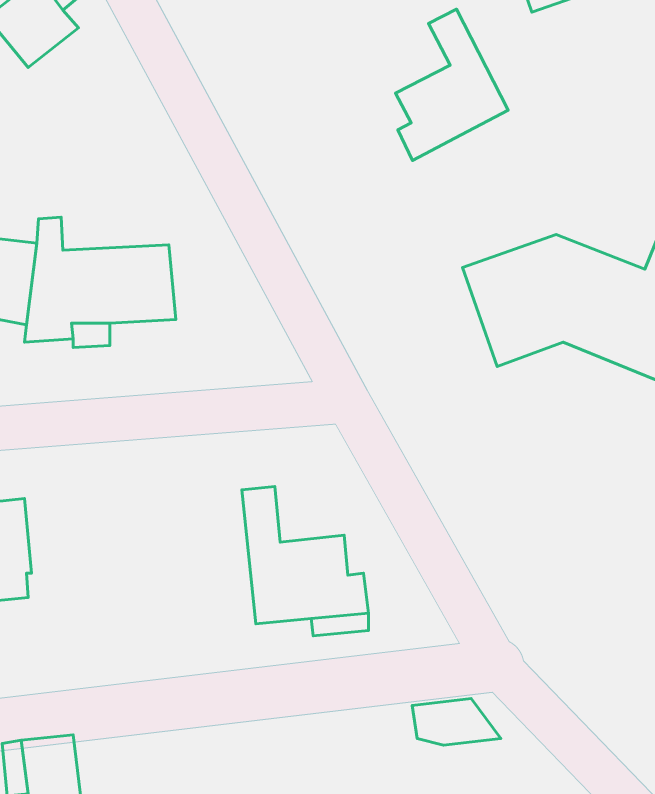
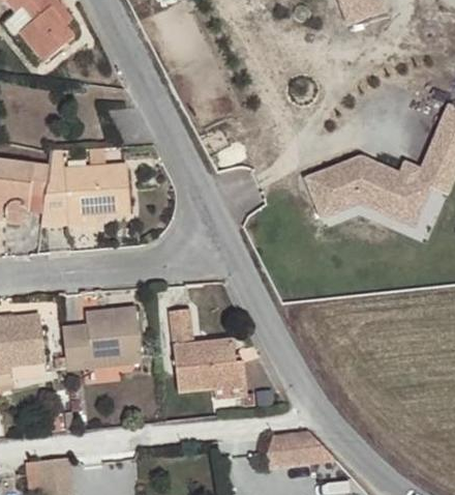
building: [395,9,508,160] -> none
building: none -> [62,307,140,365]

